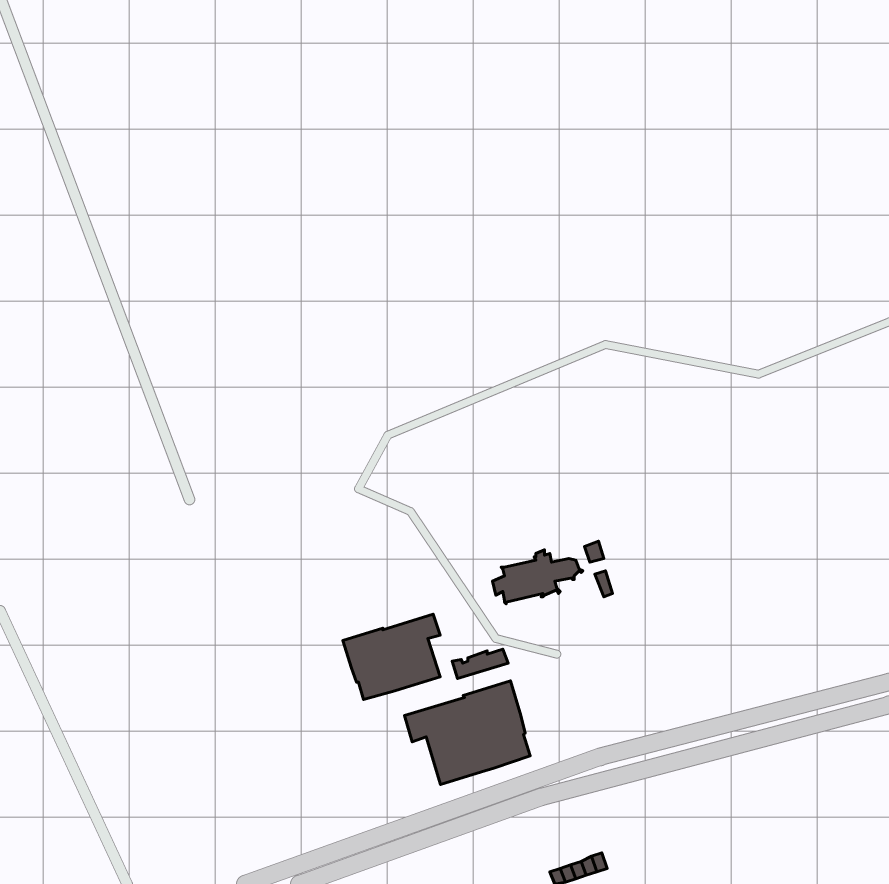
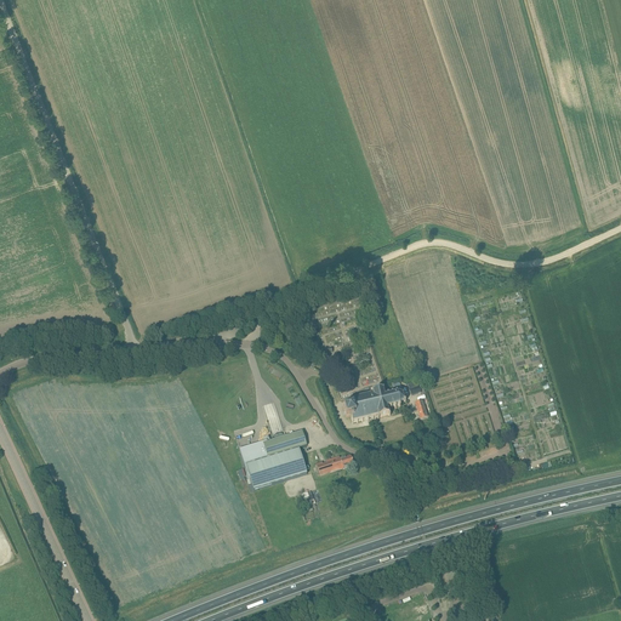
building: [405,681,530,785] -> none

